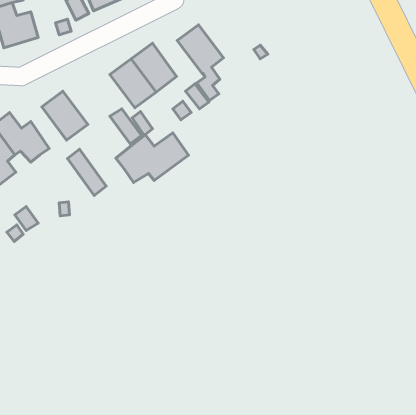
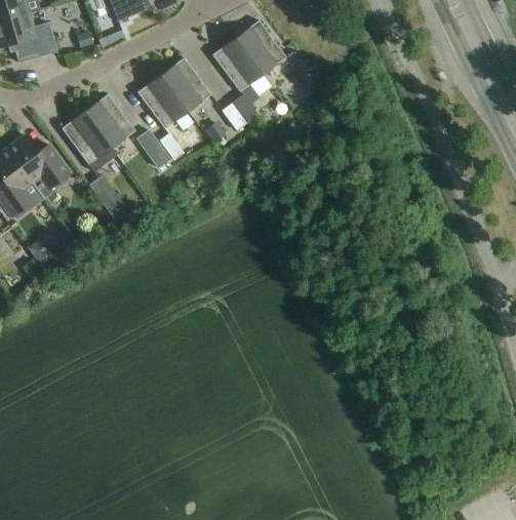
building: none -> [236,21,286,74]
building: none -> [85,93,135,148]
building: [116,133,189,182] -> none

